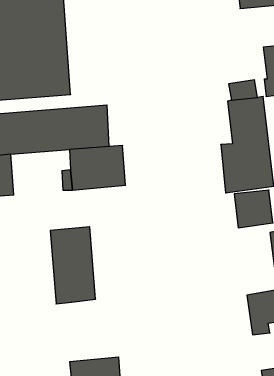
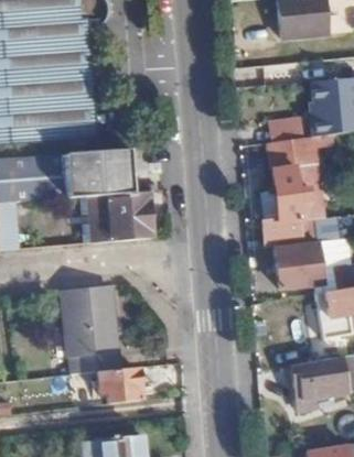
building: none -> [90,366,143,404]

